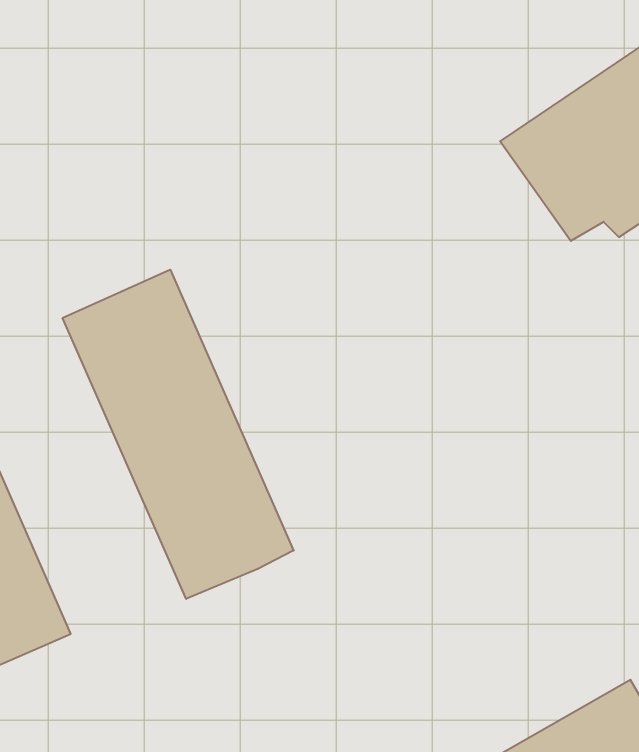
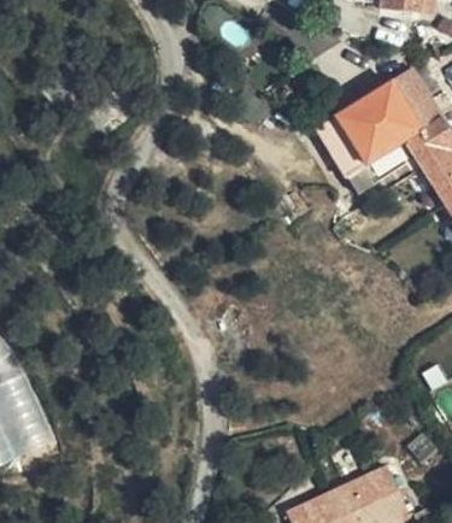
building: [63,270,294,599] -> none

